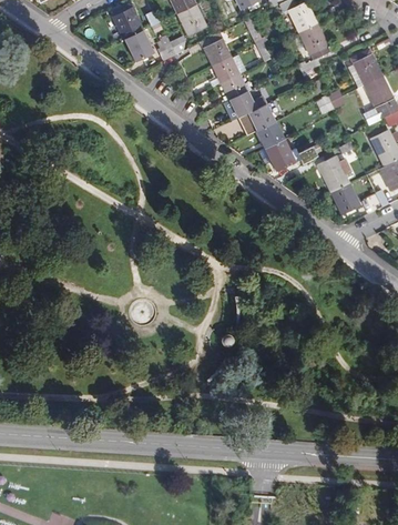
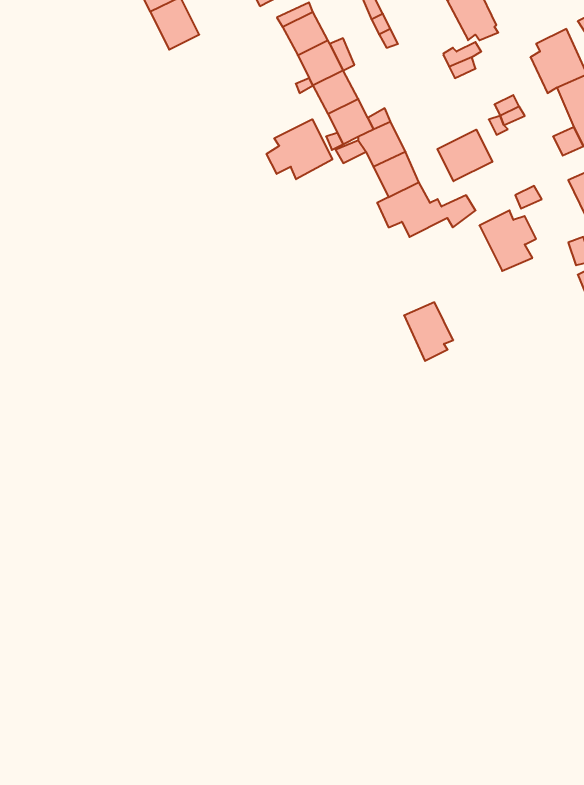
building: [155,37,186,60] -> none
building: none -> [267,119,332,179]
building: none -> [437,130,492,181]
building: [331,183,360,218] -> [404,302,453,361]

